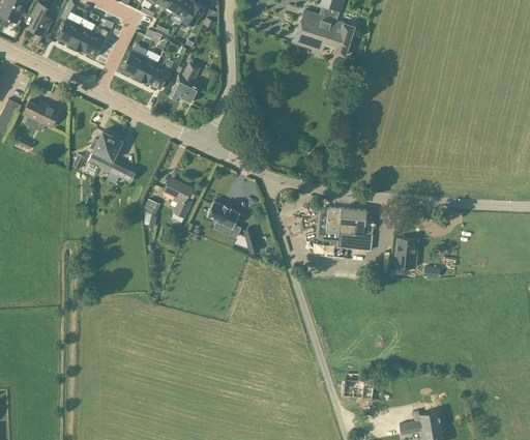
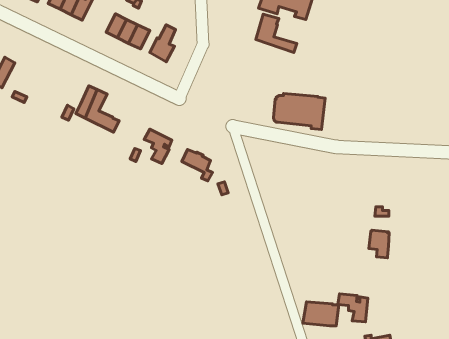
building: none -> [256,14,297,52]
building: [23,101,60,128] -> none
building: [317,208,375,248] -> [273,94,325,130]
building: [394,238,417,269] -> [369,230,389,258]
building: none -> [338,294,368,322]

